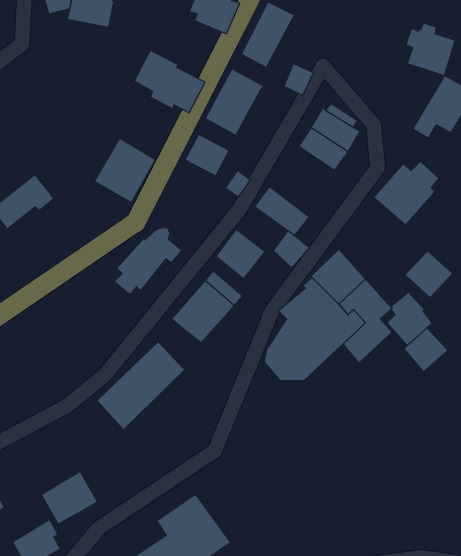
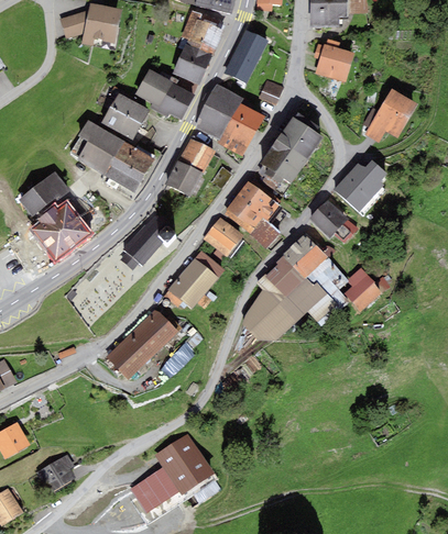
building: none -> [172,44,211,85]
building: [406,23,455,75] -> [313,38,353,81]
building: none -> [101,93,147,140]
building: none -> [217,102,264,156]
building: none -> [69,119,123,176]
building: none -> [261,147,301,183]
building: none -> [164,158,203,196]
building: none -> [225,197,262,233]
building: none -> [30,199,92,262]
building: [405,251,453,298] -> [308,199,348,237]
building: [404,328,448,372] -> none
building: [41,471,98,524] -> none

